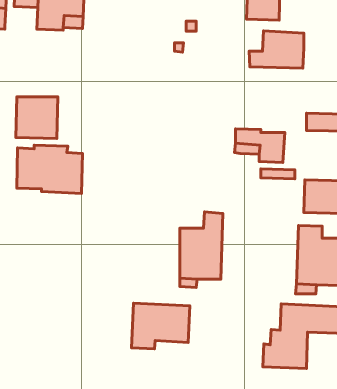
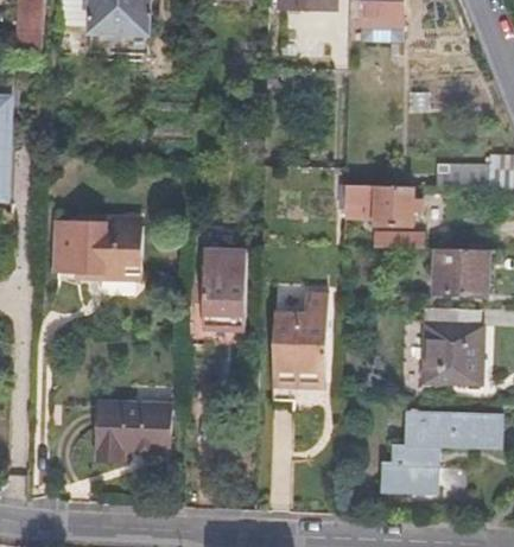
building: [249,31,304,68] -> none
building: [16,97,58,138] -> none
building: none -> [188,243,246,335]
building: [132,303,190,349] -> [95,394,171,453]

